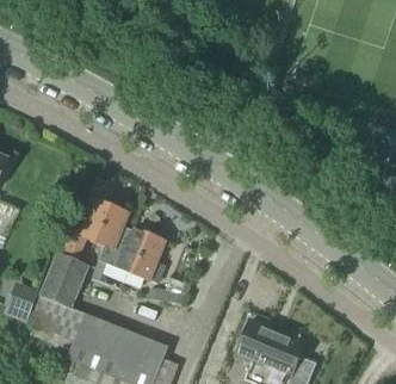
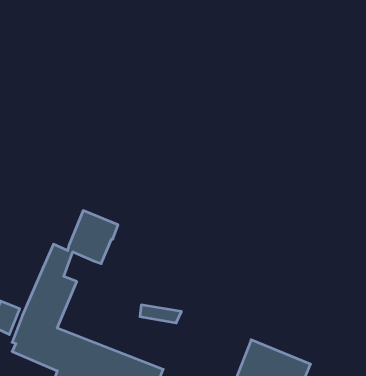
building: [99,224,166,280] -> none

